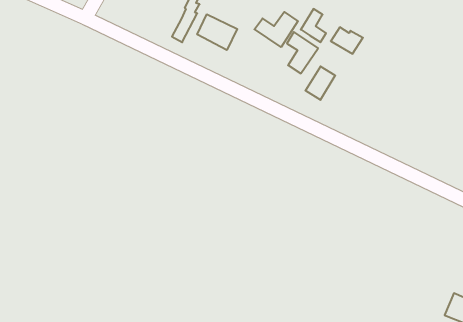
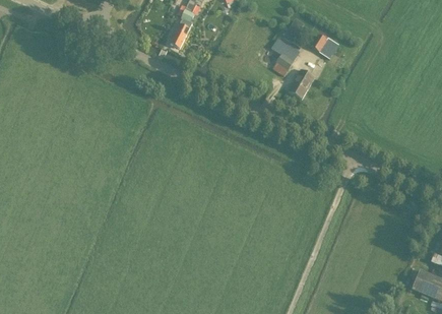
building: [254,12,298,47] -> none
building: [197,14,237,50] -> none

